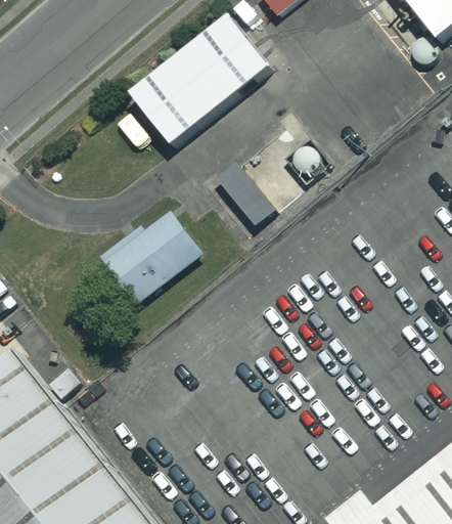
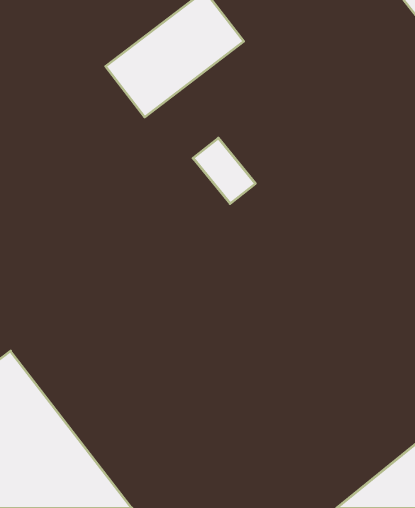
building: [99,211,200,306] -> none

